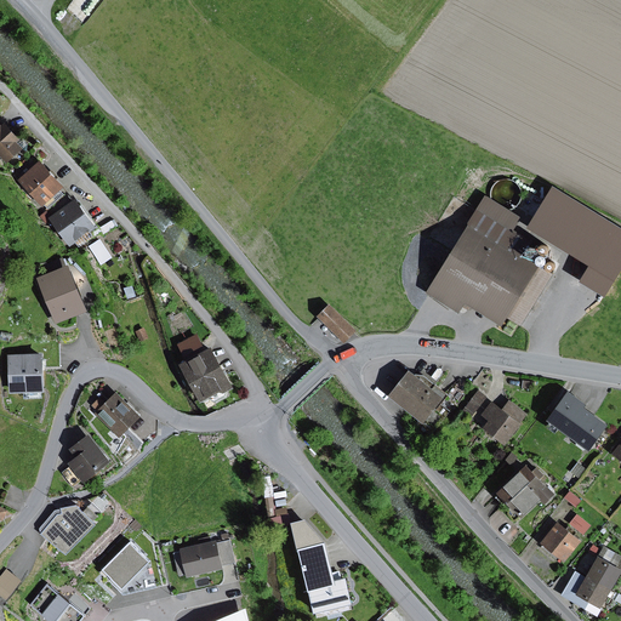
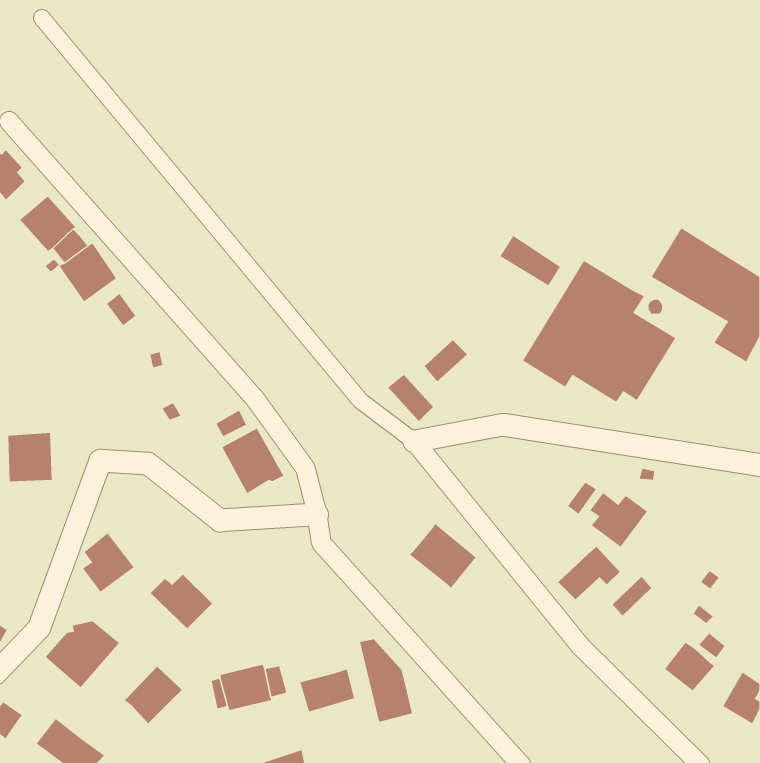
building: [473,195,523,237] -> [499,235,561,286]
building: [34,264,86,324] -> none
building: none -> [424,340,468,382]
building: [387,369,441,422] -> [409,523,477,589]
building: [546,389,606,449] -> none
building: [87,392,138,437] -> [150,574,213,629]
building: [505,472,556,515] -> [558,546,620,600]
building: [575,574,610,606] -> none
building: [307,576,352,611] -> [299,669,355,712]

